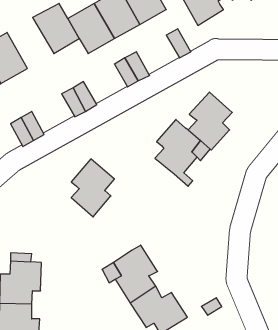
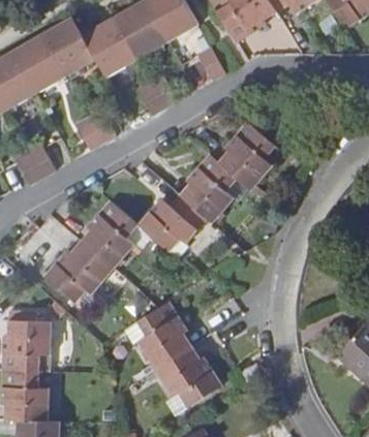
building: none -> [11,33,66,93]
building: none -> [137,193,208,249]
building: none -> [44,245,113,300]

